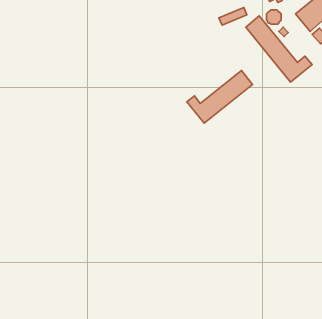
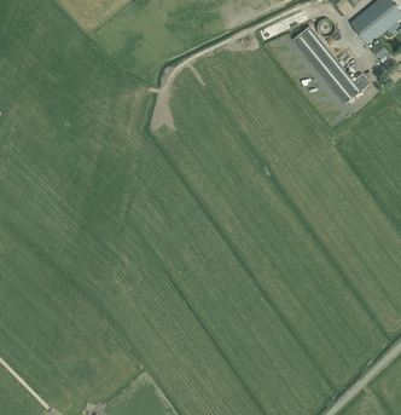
building: [187,71,252,123] -> none

